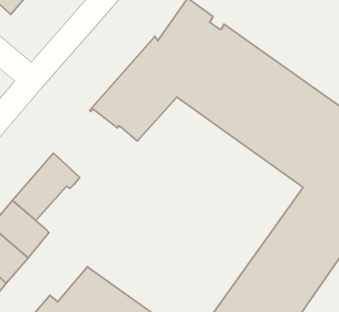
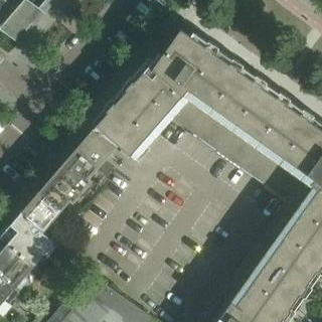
building: none -> [58,129,117,196]

